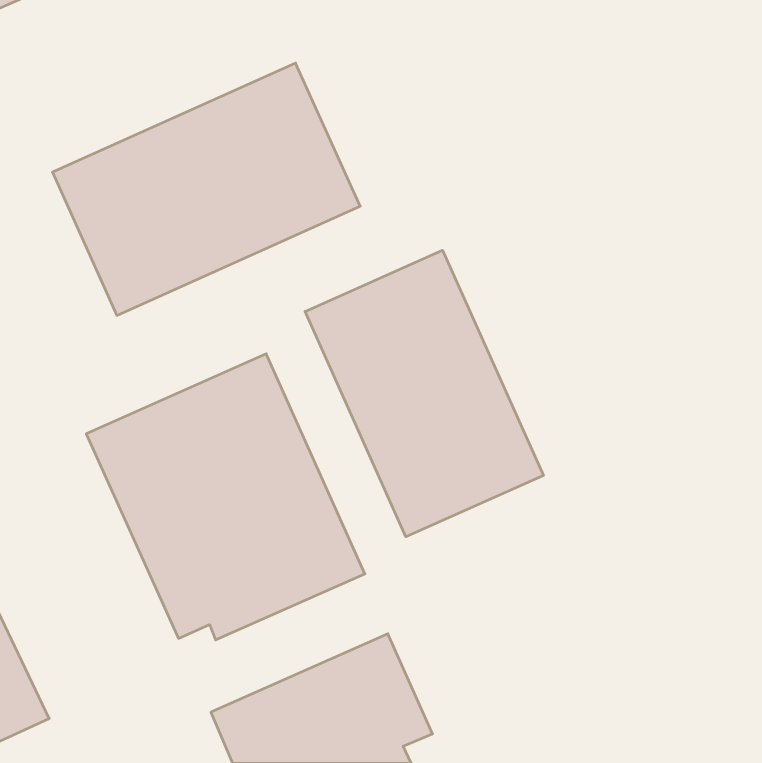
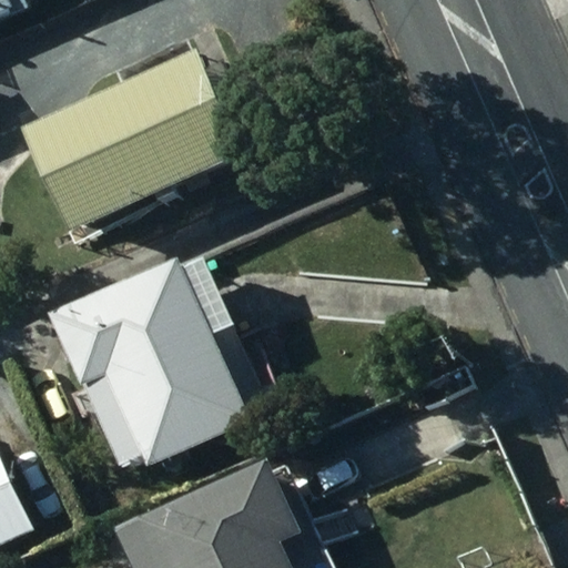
building: [305,250,543,537] -> none

